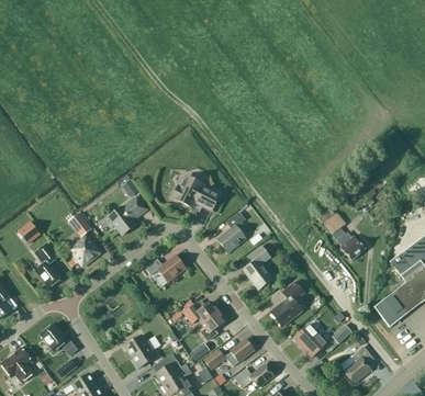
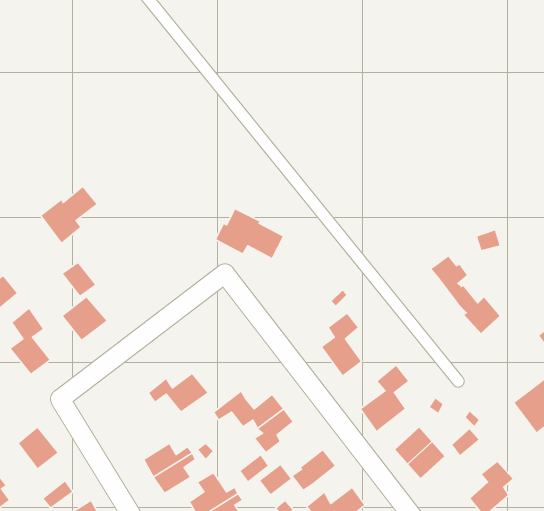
building: [109,196,147,235] -> [40,186,97,243]
building: [217,212,246,251] -> none
building: [146,254,187,281] -> [148,373,208,412]

